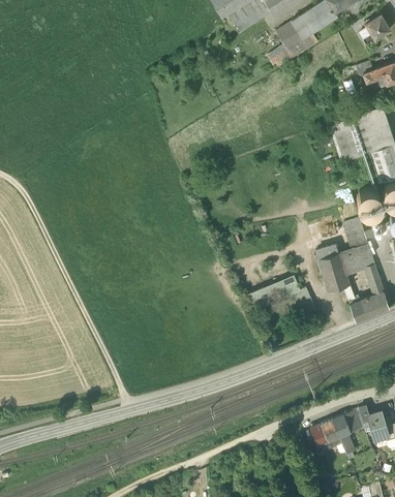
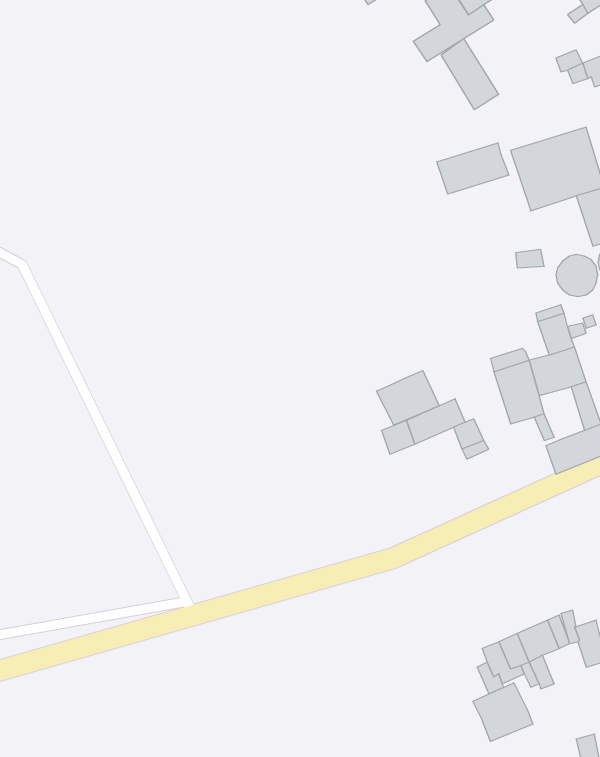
building: none -> [441,39,499,110]
building: none -> [437,143,509,194]
building: none -> [376,371,439,425]
building: none -> [473,683,533,742]

